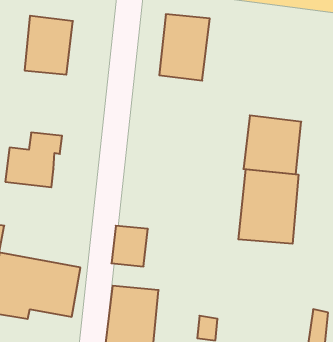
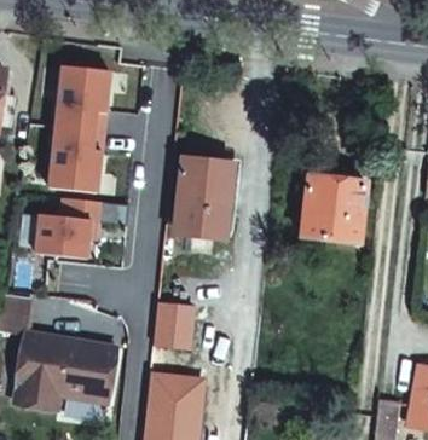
building: [159,14,210,81] -> [177,161,233,236]
building: none -> [50,126,103,191]
building: [238,169,298,244] -> none

